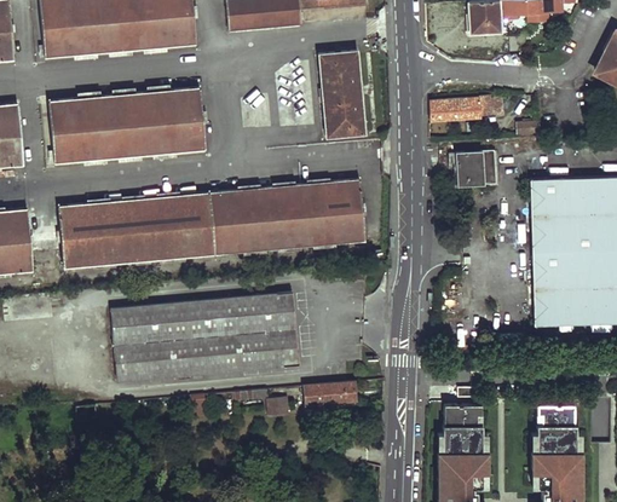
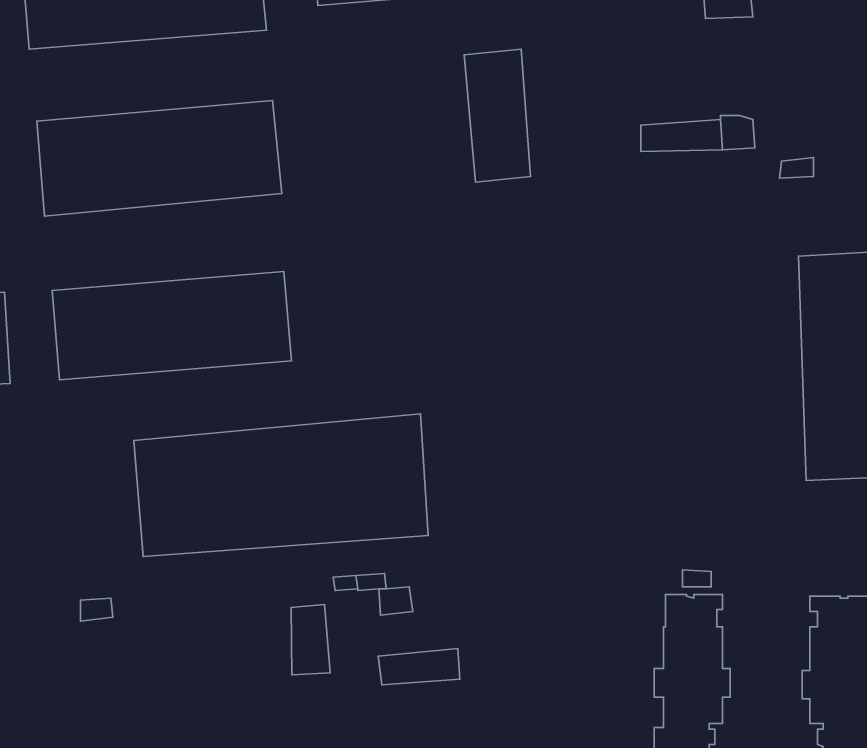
building: [459,155,496,187] -> none
building: [208,184,363,254] -> none
building: [304,382,356,405] -> [378,649,460,685]
building: none -> [291,604,330,675]

